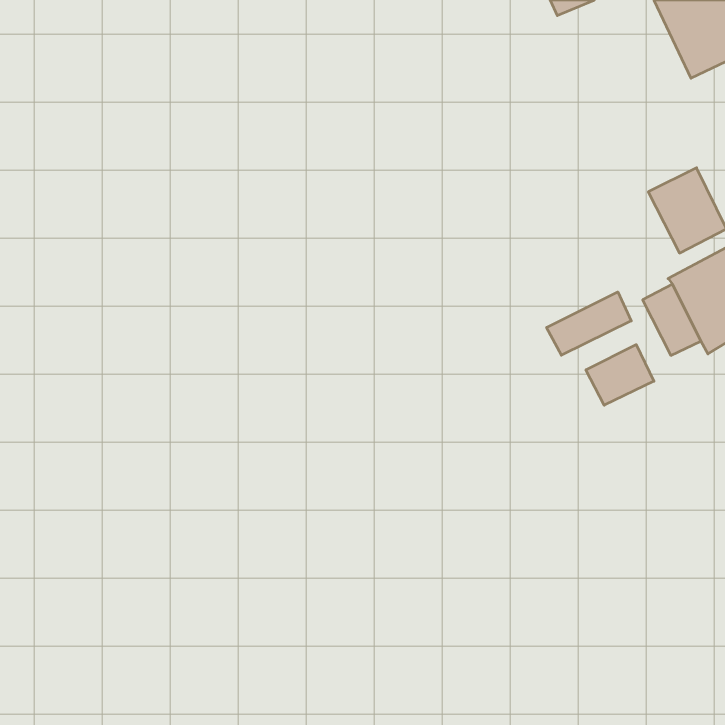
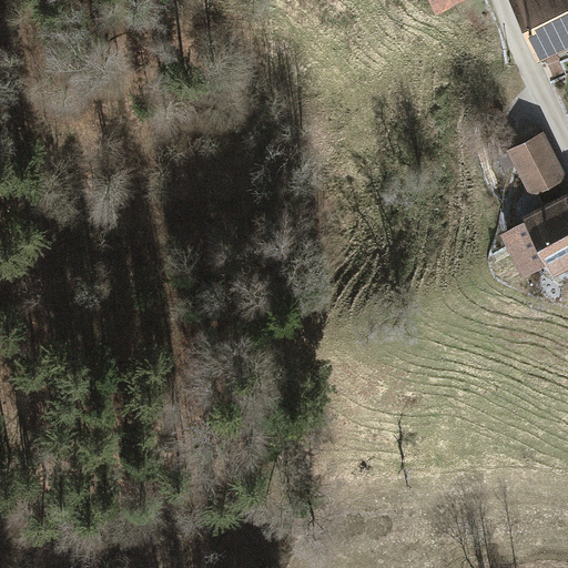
building: [547,292,631,355] -> none
building: [586,345,654,405] -> none

